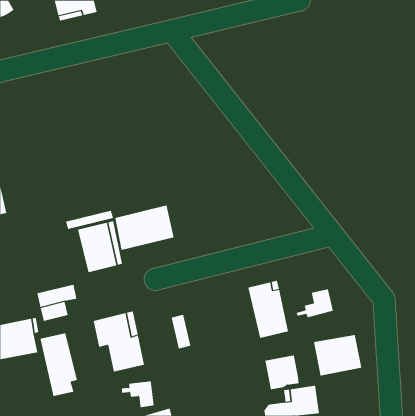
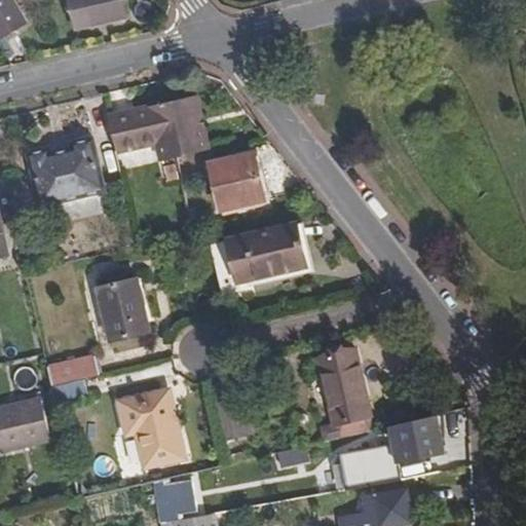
building: none -> [107,95,206,161]
building: none -> [27,134,106,202]
building: none -> [206,152,261,209]
building: [114,205,175,251] -> [229,224,305,281]
building: [296,289,334,318] -> none
building: [40,333,78,397] -> none

